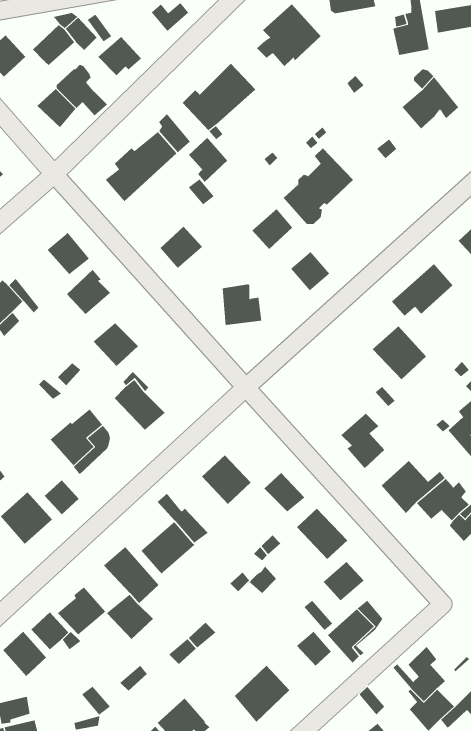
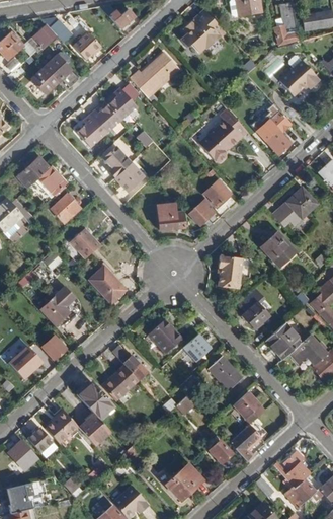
building: [188,137,228,183] -> [104,146,132,177]
building: none -> [258,110,293,154]
building: [251,208,293,250] -> [188,198,217,226]
building: none -> [17,155,51,188]
building: none -> [220,254,242,288]

